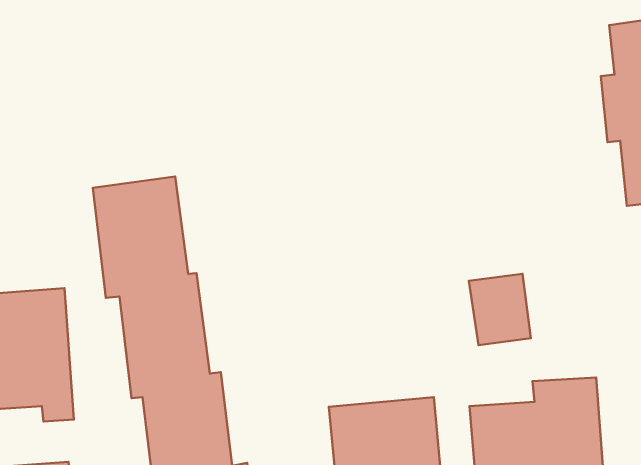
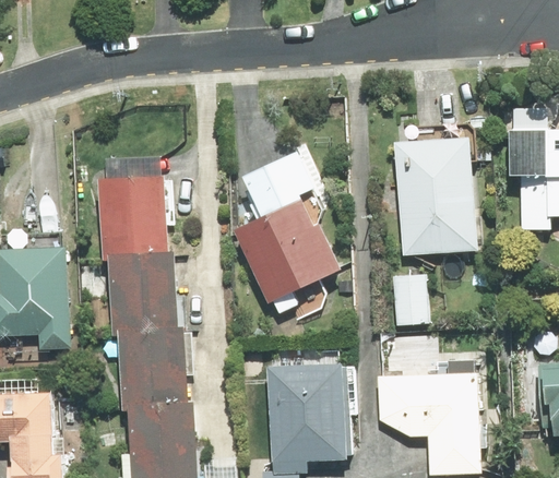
building: none -> [393,130,475,254]
building: none -> [231,150,338,306]

